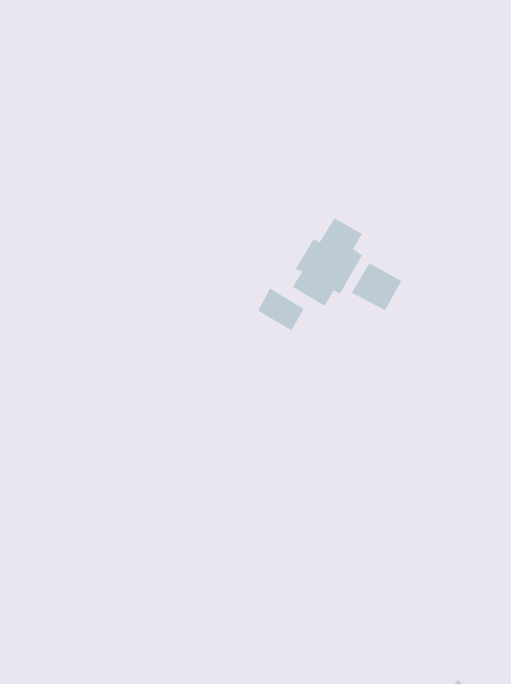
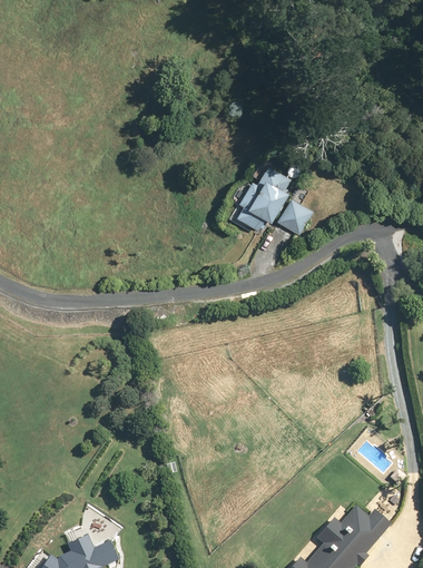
building: [258,287,305,331] -> none

